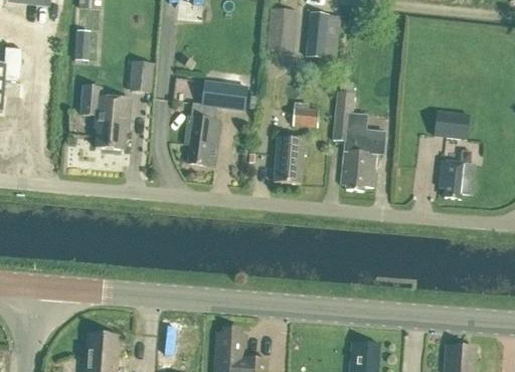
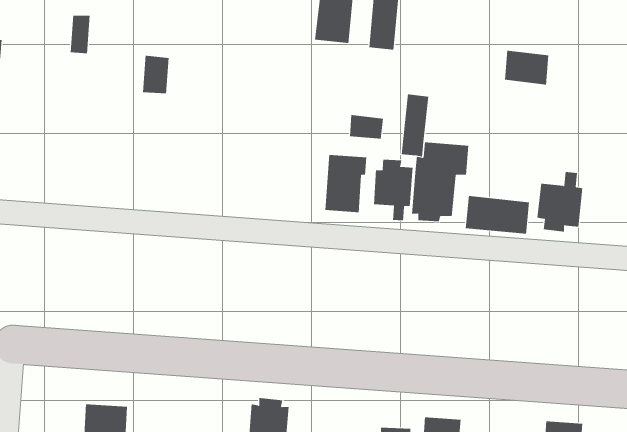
building: [184,79,246,165] -> none
building: [78,84,131,149] -> none
building: [435,111,470,138] -> [504,50,549,85]
building: none -> [373,159,413,221]
building: none -> [465,195,529,234]

